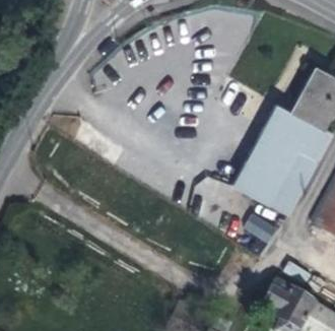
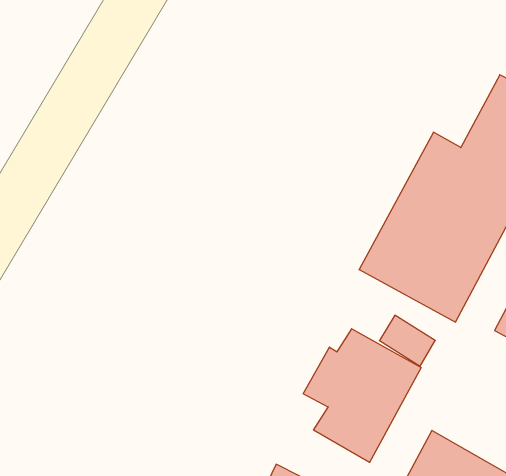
building: none -> [303,329,421,462]

